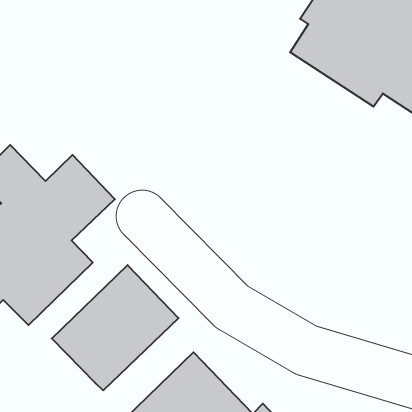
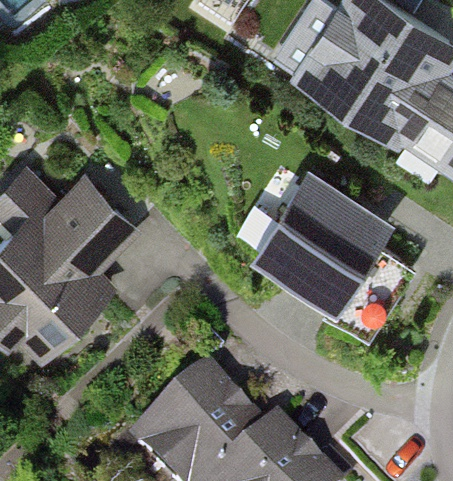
building: none -> [269,173,409,334]
building: [52,265,179,390] -> none

